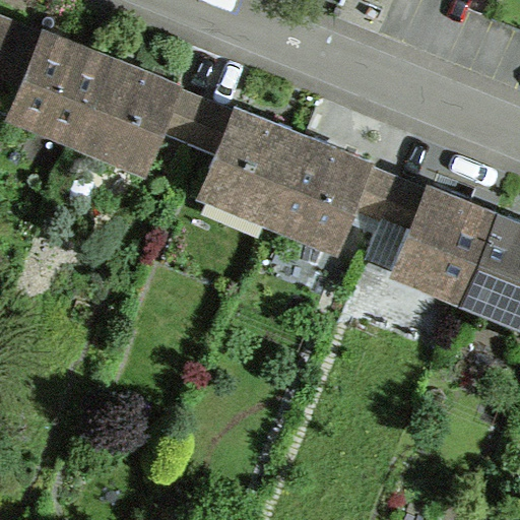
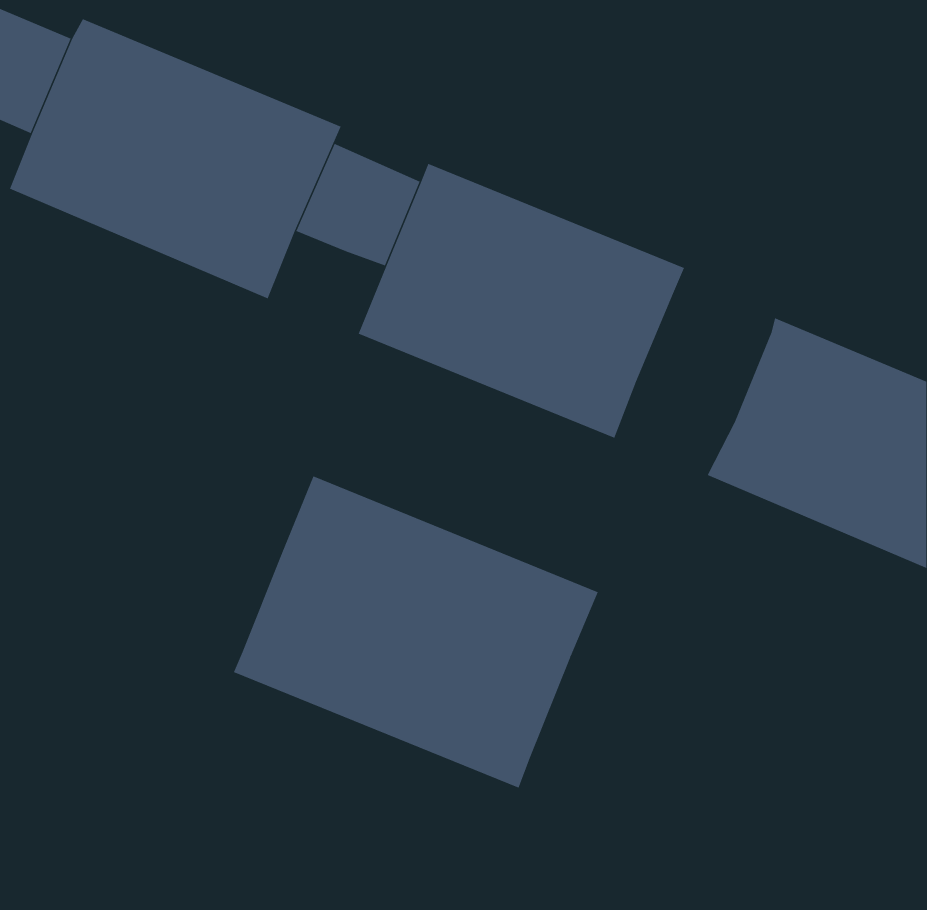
building: [352,178,427,249] -> none
building: none -> [233,476,599,789]

